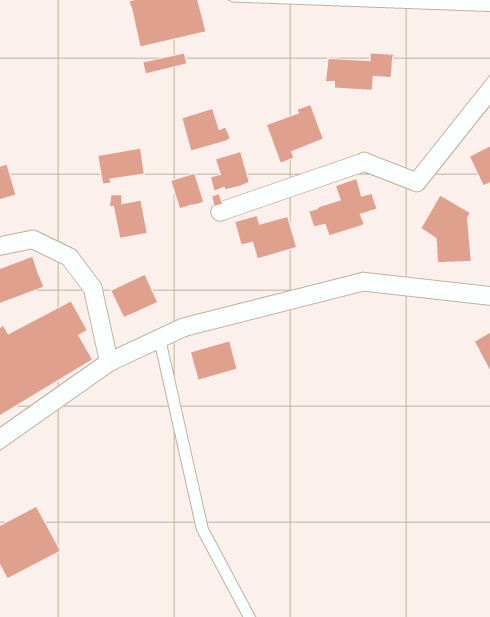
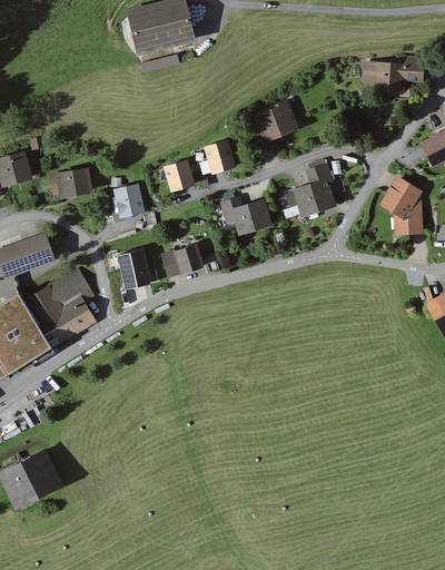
building: [325,53,394,90] -> [362,56,422,88]
building: [182,108,230,151] -> none
building: [97,148,145,184] -> [48,168,89,199]
building: [190,341,237,380] -> [159,242,200,276]

